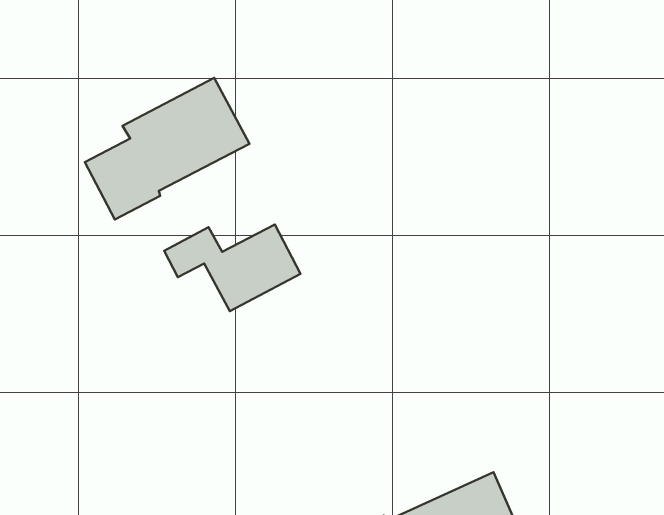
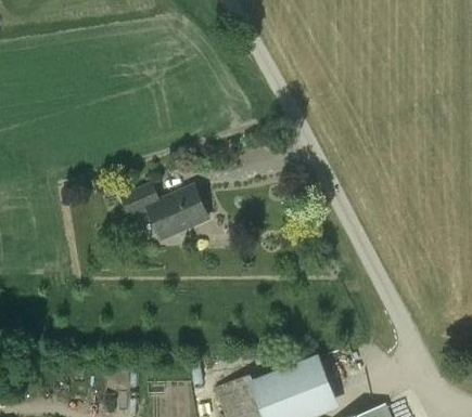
building: [85,78,250,219] -> none

